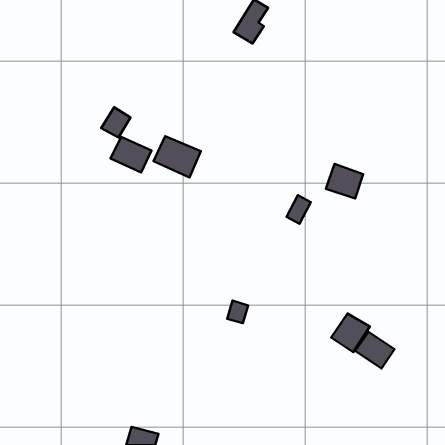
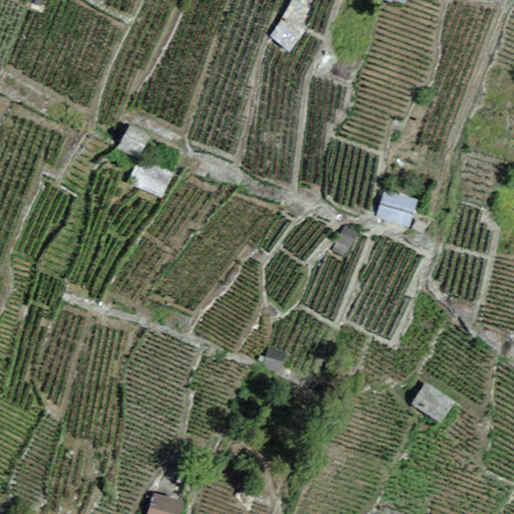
building: [154,136,201,178] -> none
building: [331,313,370,352] -> none

